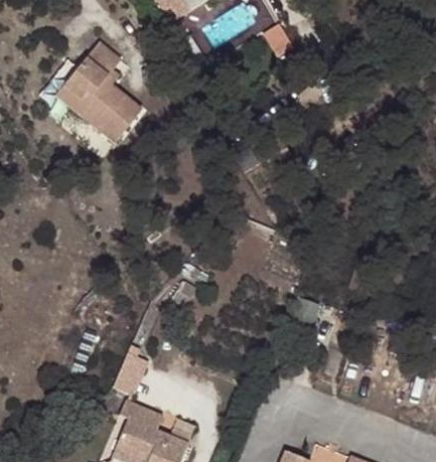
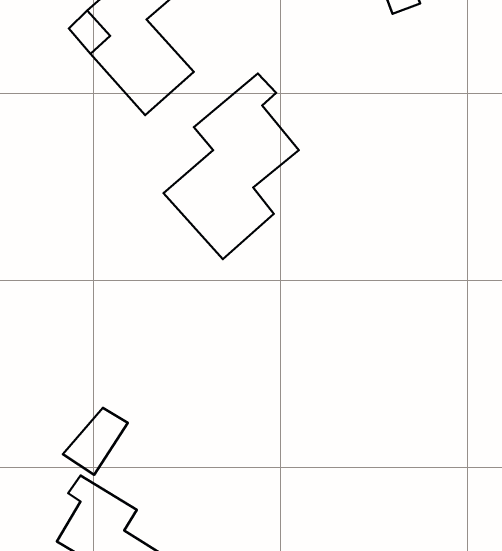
building: none -> [164,74,299,259]

